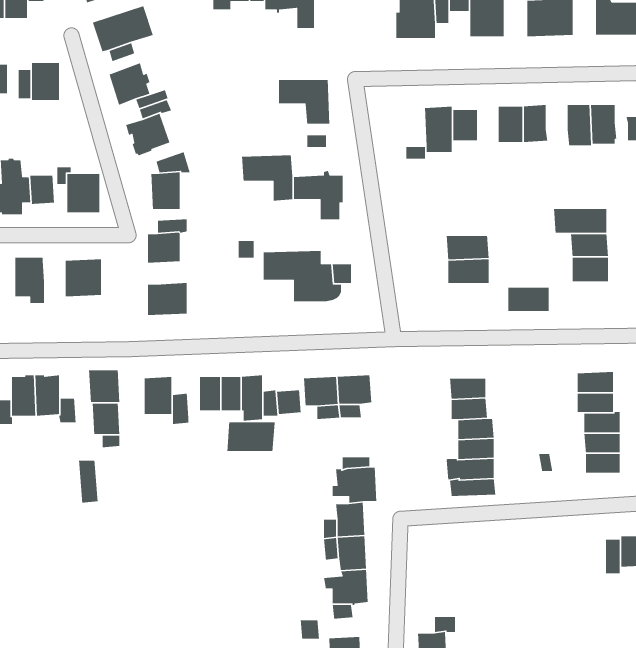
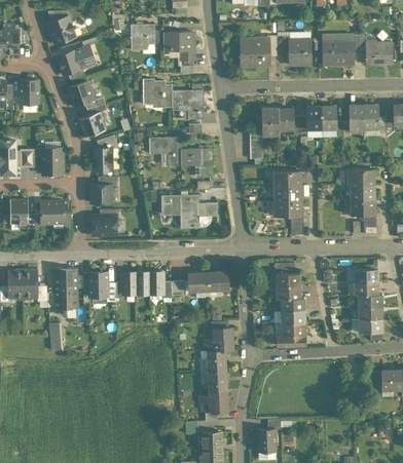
building: none -> [141,79,172,107]
building: [508,287,550,312] -> [274,170,300,186]
building: [226,421,275,452] -> none

